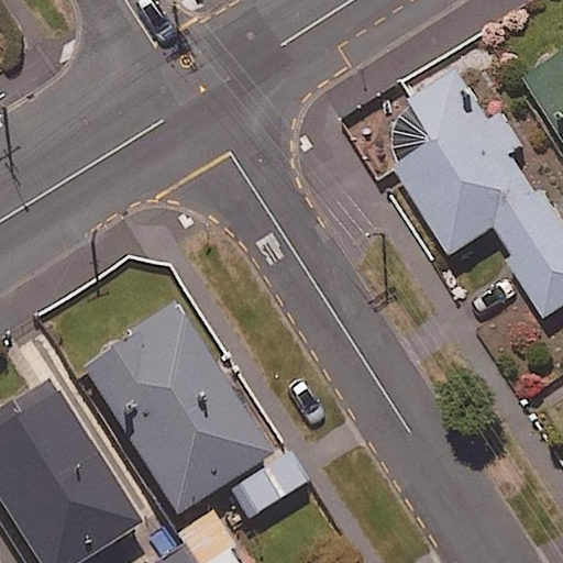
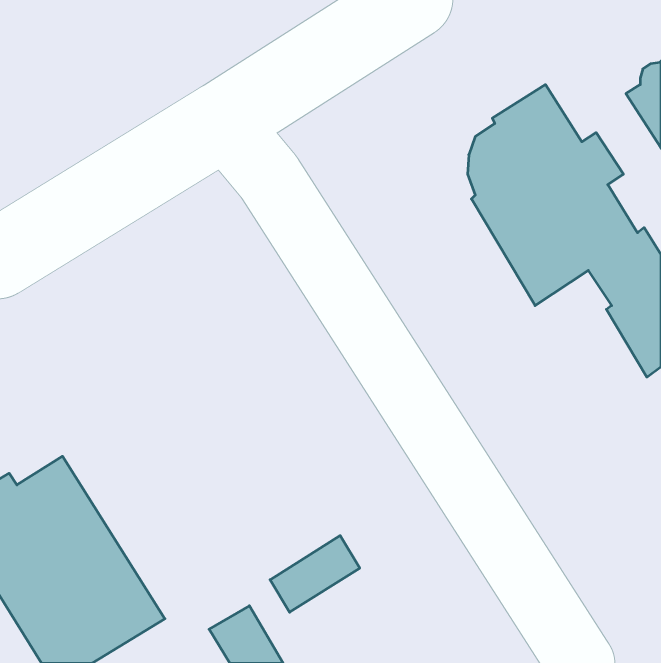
building: [79,305,271,515] -> none

